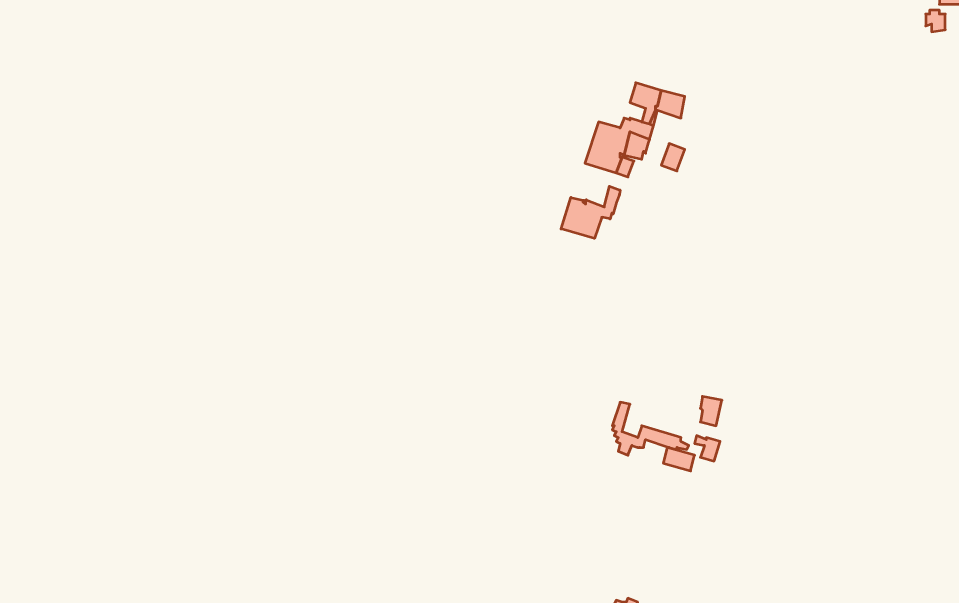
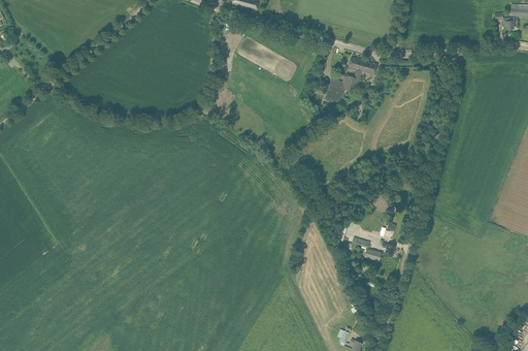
building: [561,186,620,238] -> none

